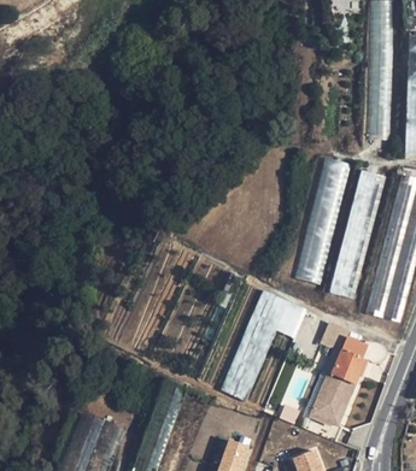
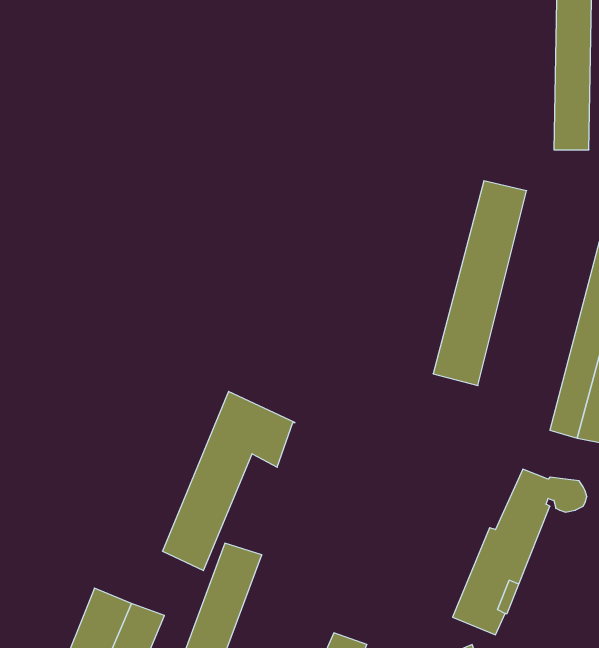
building: [327,171,385,300] -> none
building: [222,290,304,401] -> [162,391,295,571]

